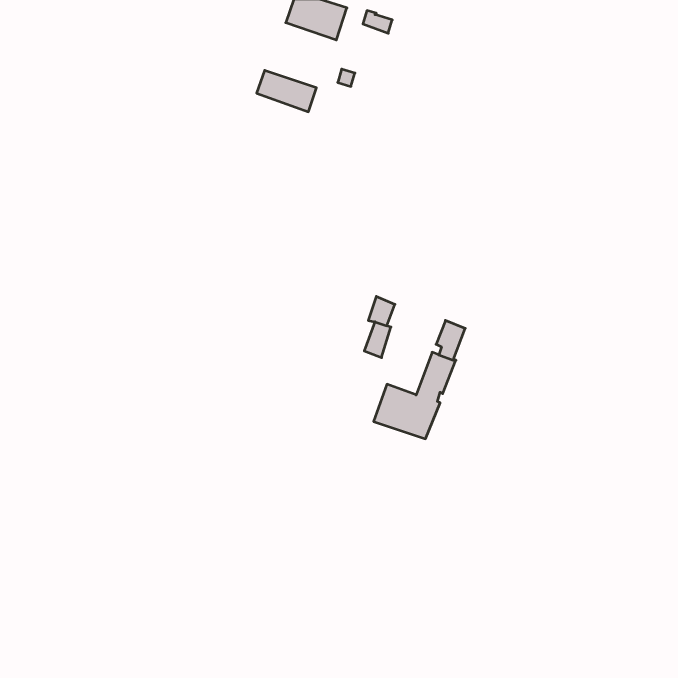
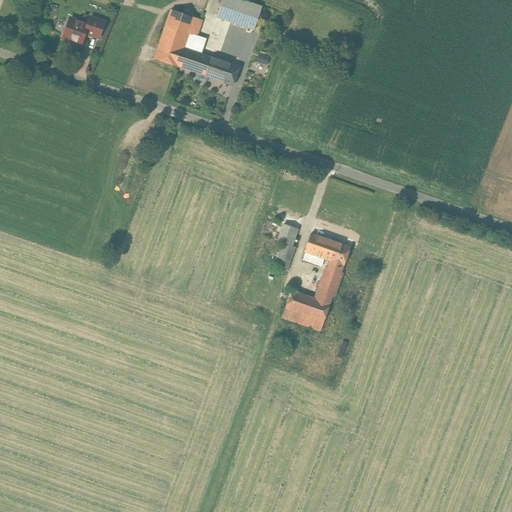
building: none -> [154,9,202,70]
building: none -> [64,17,105,44]
building: none -> [305,232,336,259]

